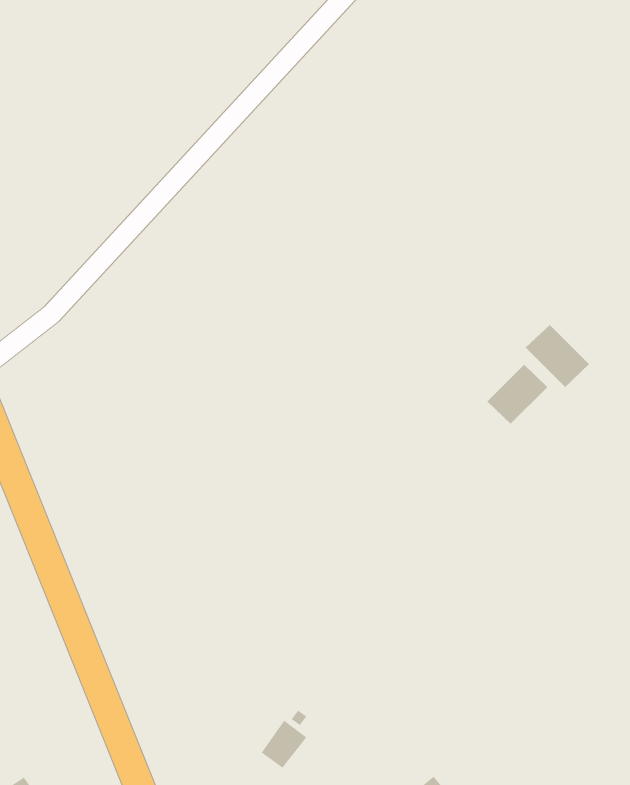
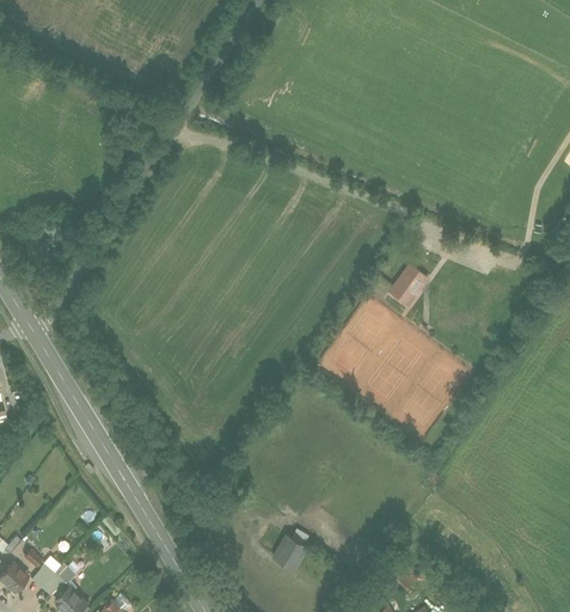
building: [525,324,590,388] -> none

